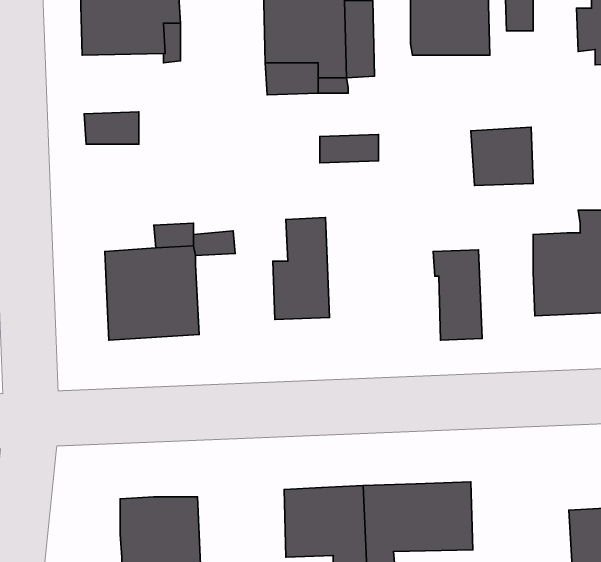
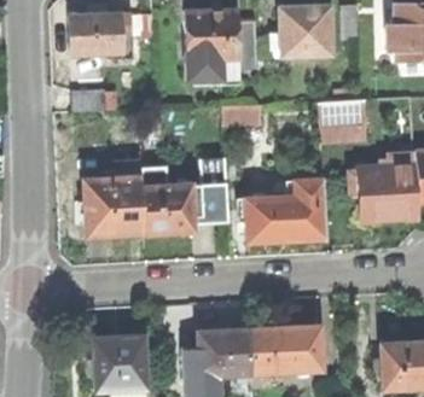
building: none -> [245,180,298,241]
building: none -> [141,186,192,233]

